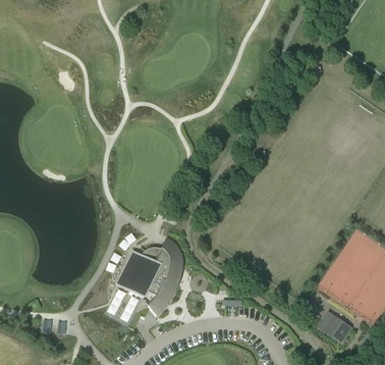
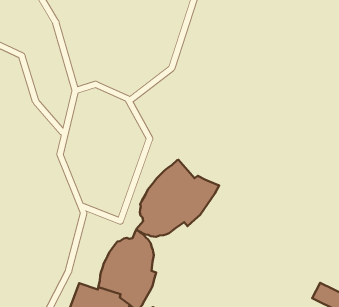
building: none -> [136,160,219,237]

